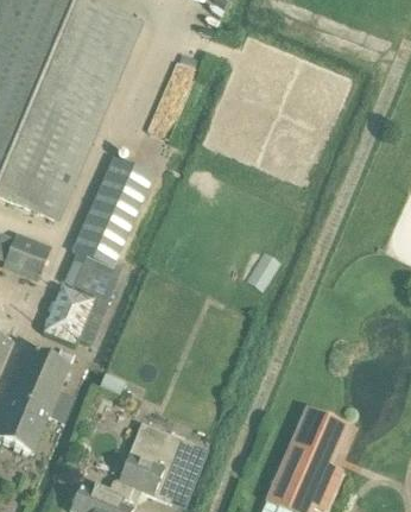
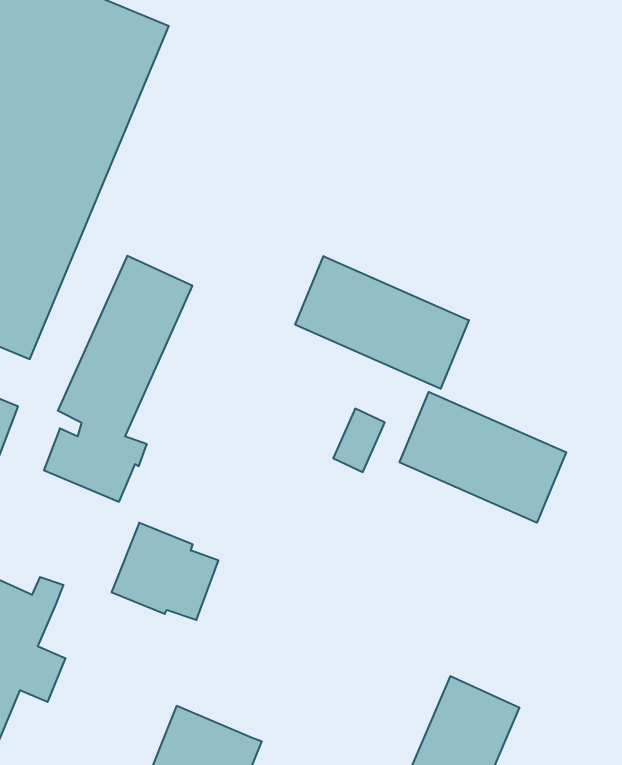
building: none -> [295,256,469,389]
building: none -> [400,392,566,523]
building: [43,287,107,346] -> [111,523,218,620]

